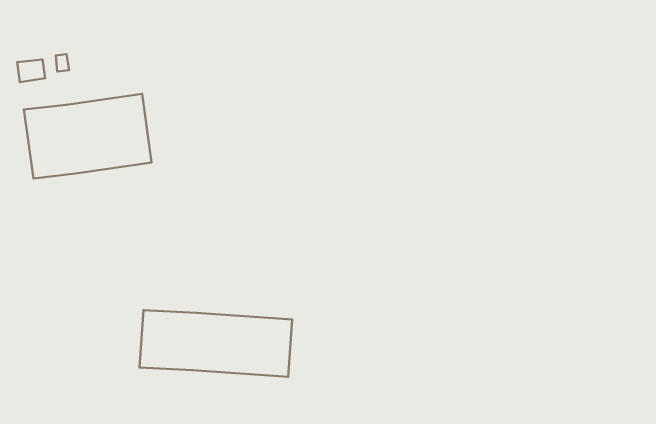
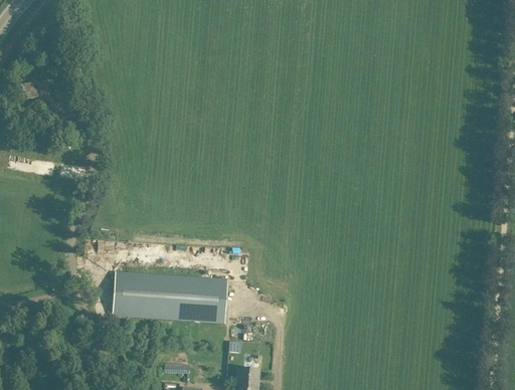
building: [24,94,152,178] -> none

